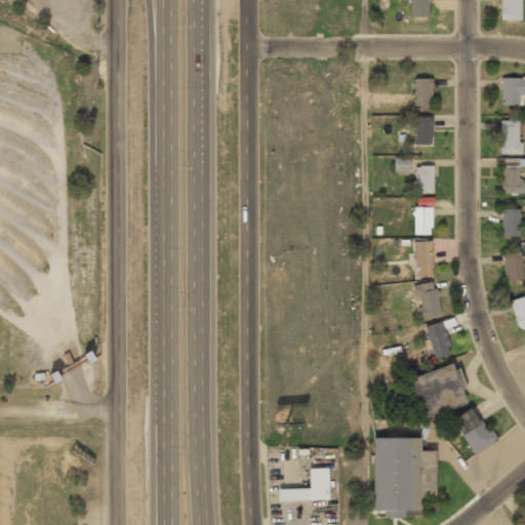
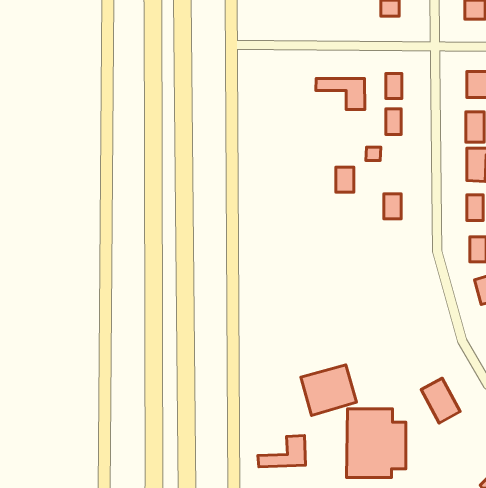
building: none -> [316,79,365,110]
building: [415,166,435,193] -> [336,167,354,192]
building: [416,242,433,276] -> none
building: [416,282,442,319] -> none
building: [427,322,453,359] -> none
building: [409,364,469,418] -> [301,365,356,416]

